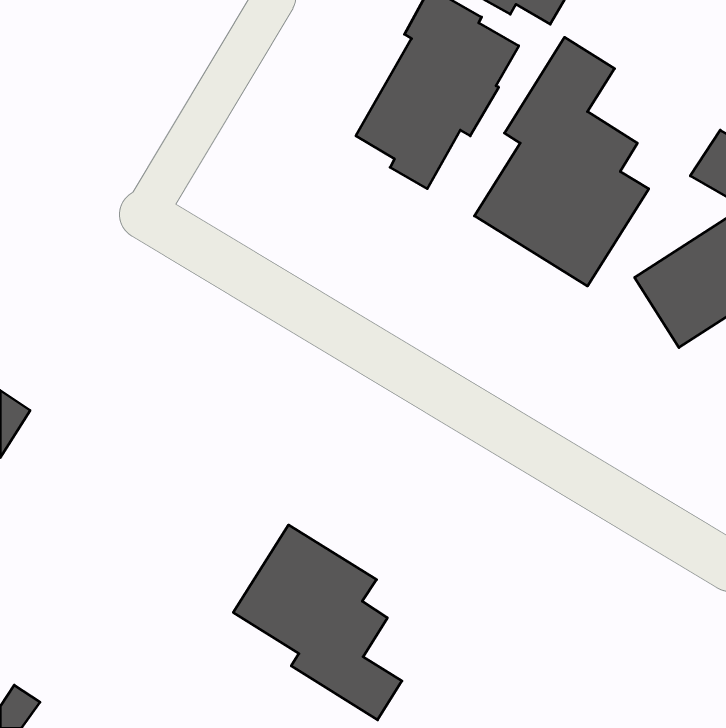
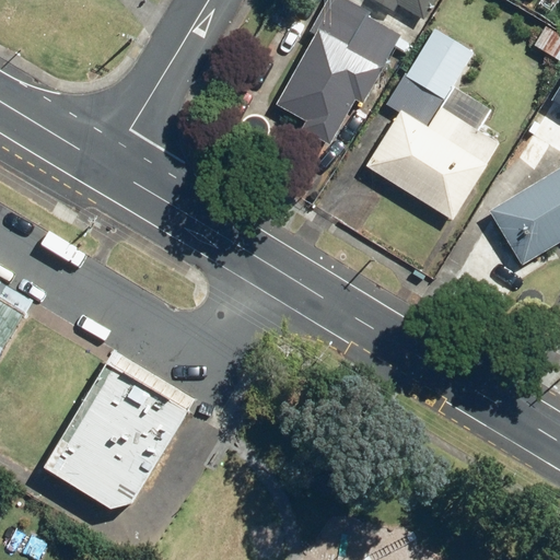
building: none -> [36,360,185,513]
building: [233,525,402,720] -> none

